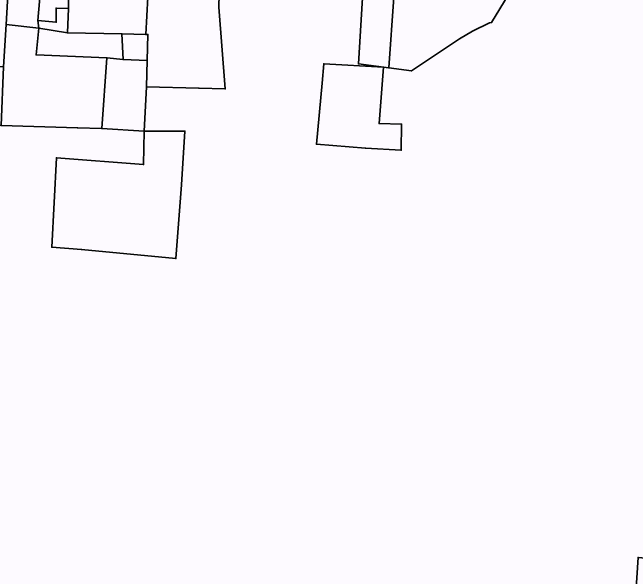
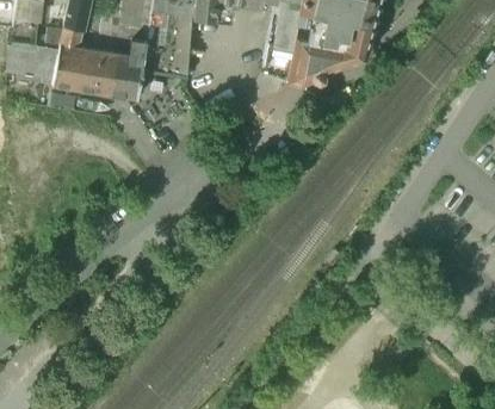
building: [316,64,401,150] -> none
building: [52,131,185,258] -> none

